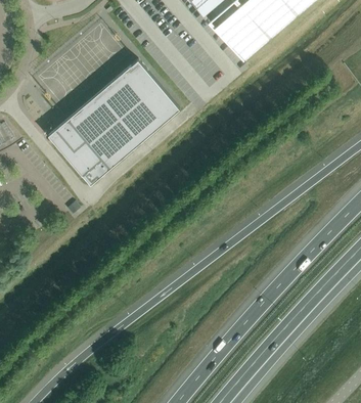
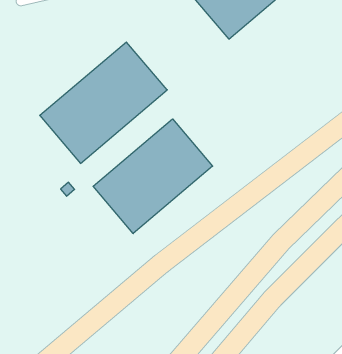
building: none -> [93,119,213,234]

